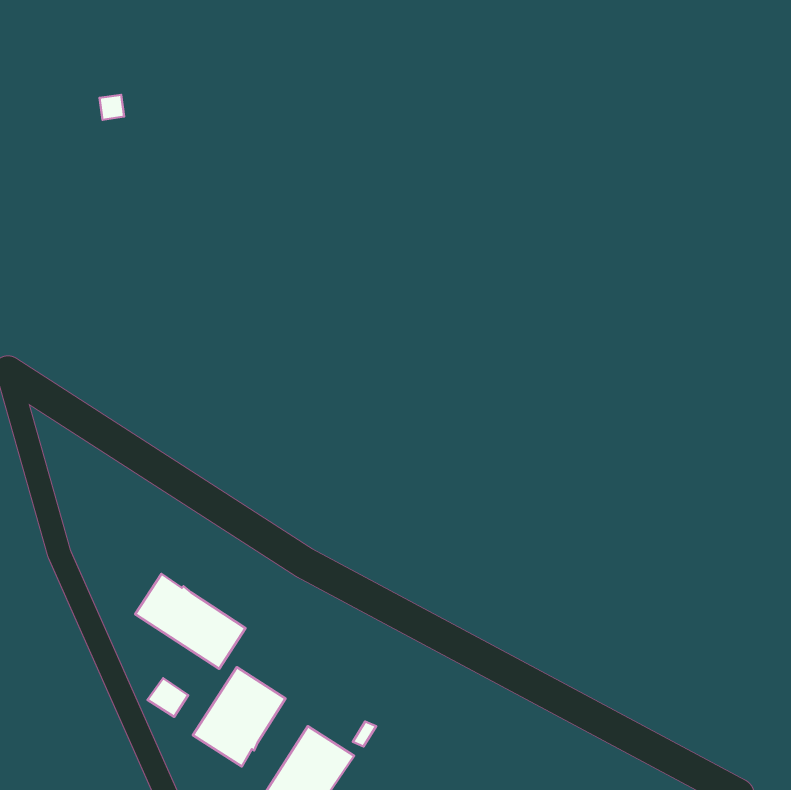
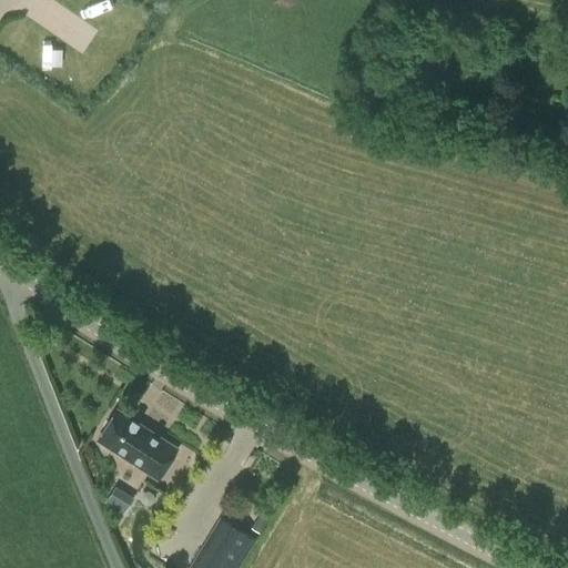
building: [193,667,286,766] -> none

